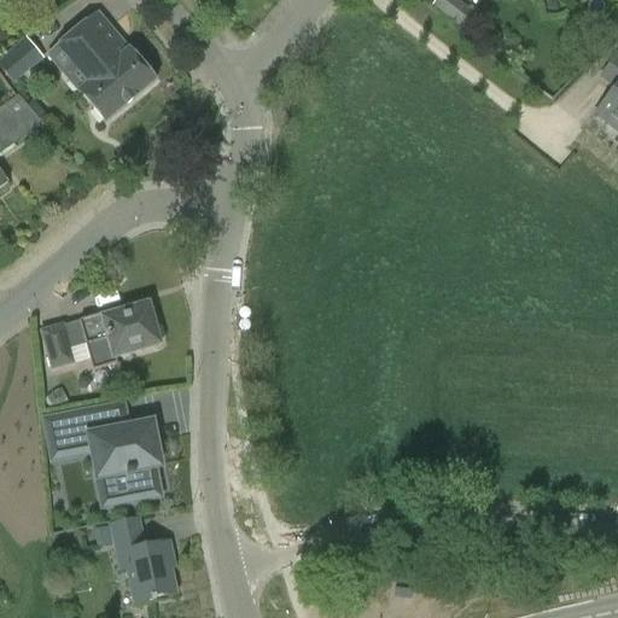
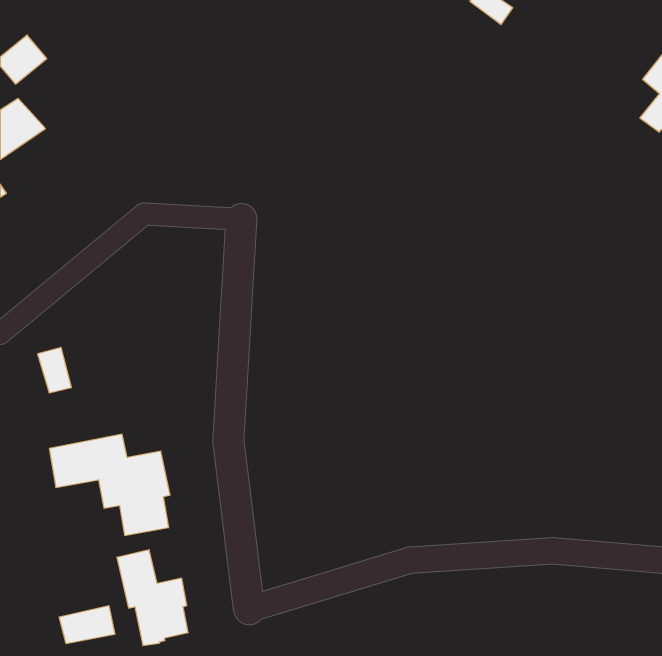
building: [47,8,154,118] -> none
building: [80,302,164,367] -> none
building: none -> [59,606,115,644]

